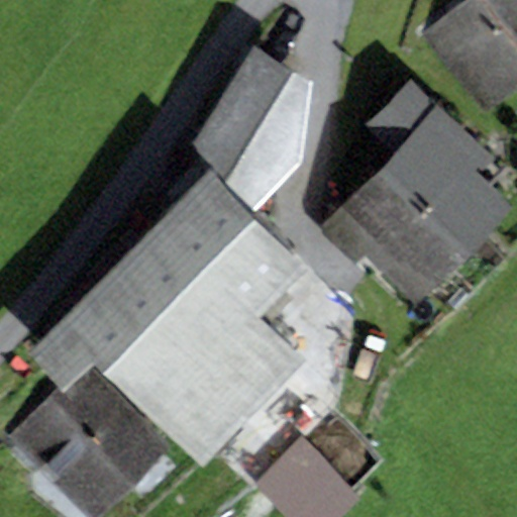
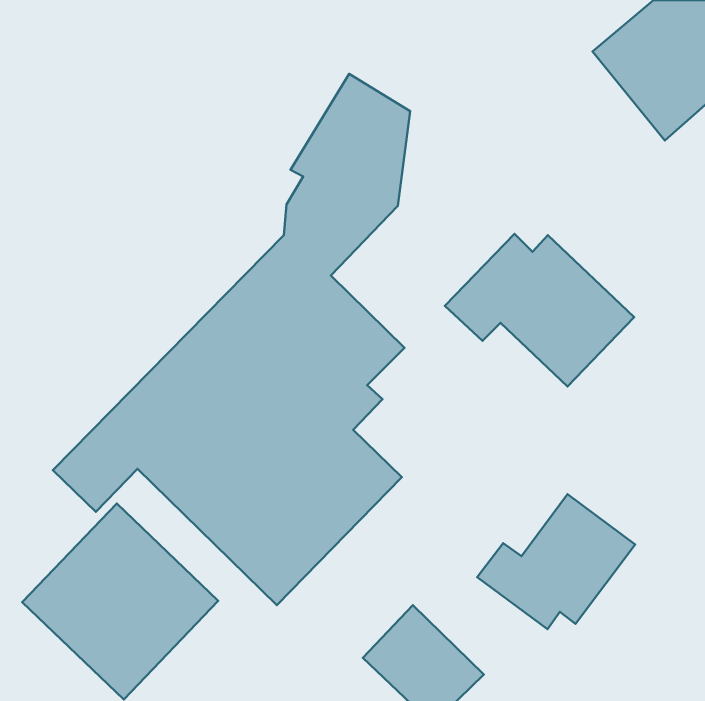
building: [376,88,497,237] -> none
building: none -> [477,494,635,629]

